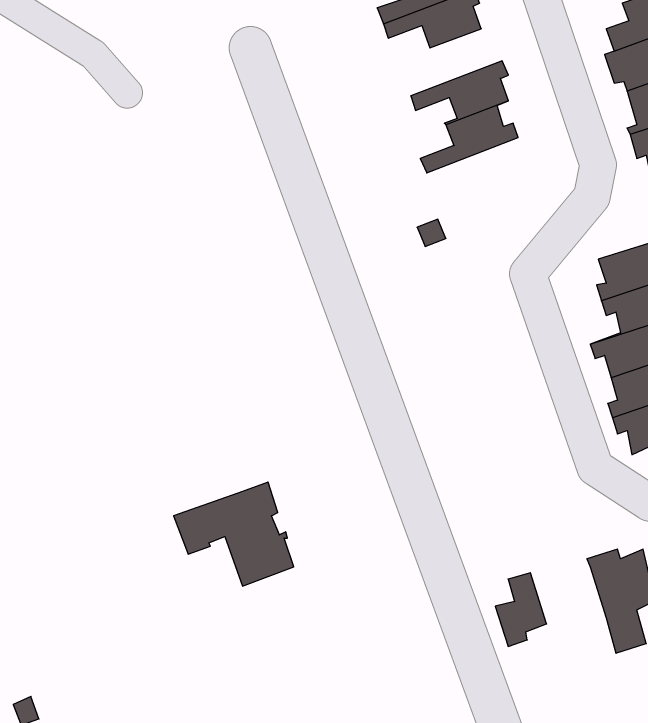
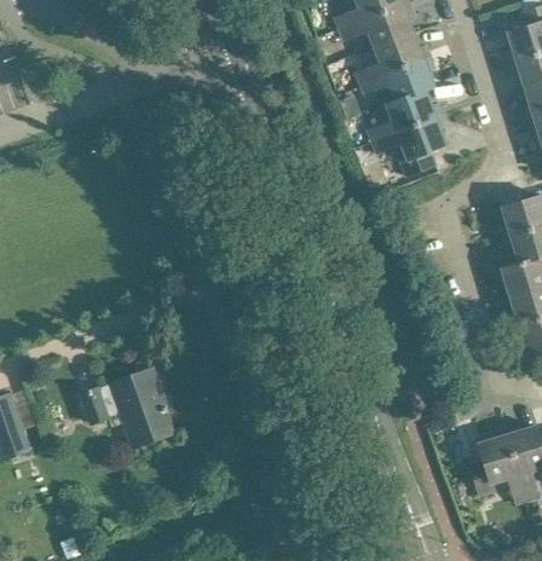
building: none -> [356,31,429,82]
building: none -> [373,114,446,175]
building: [174,482,294,586] -> [81,368,172,446]
building: [495,573,547,646] -> [469,438,508,493]

